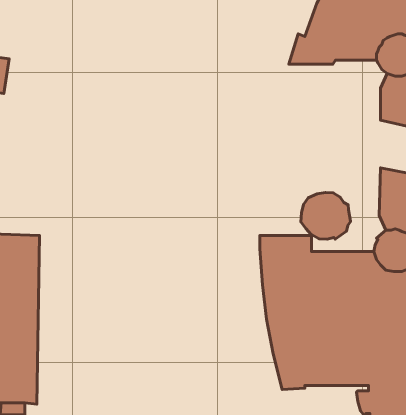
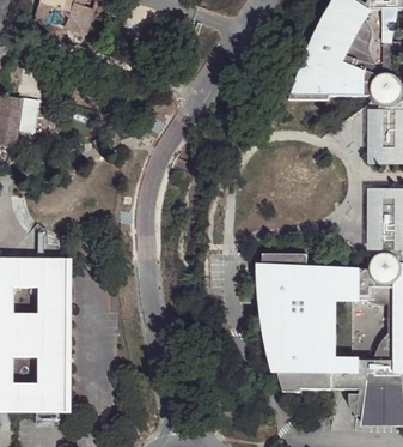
building: [301,193,350,239] -> none

